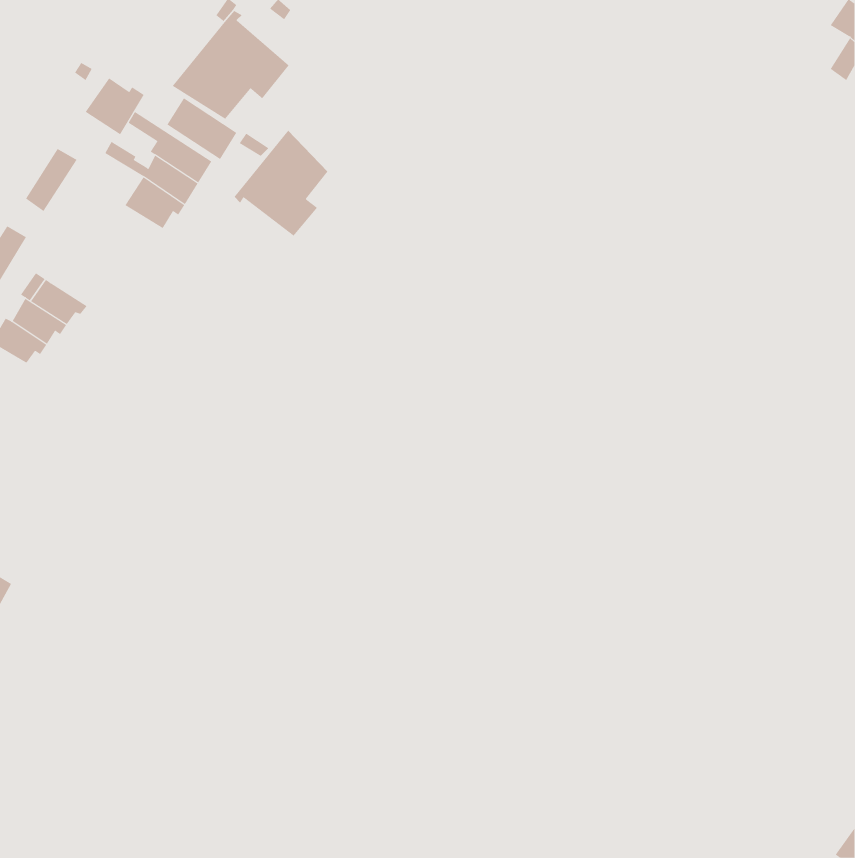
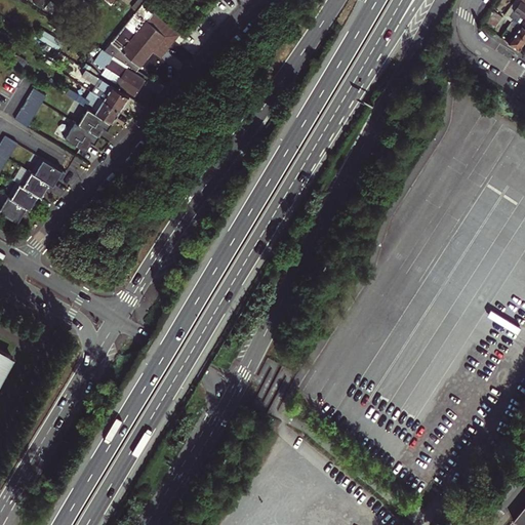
building: [85,78,145,135] -> none
building: [234,130,328,236] -> none
building: none -> [63,123,99,154]
building: none -> [31,159,65,187]

